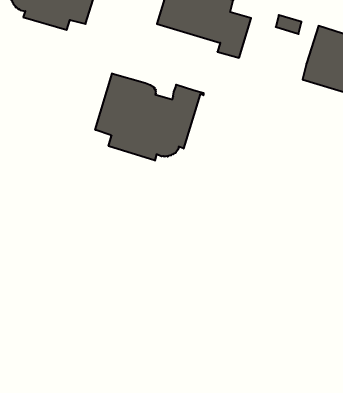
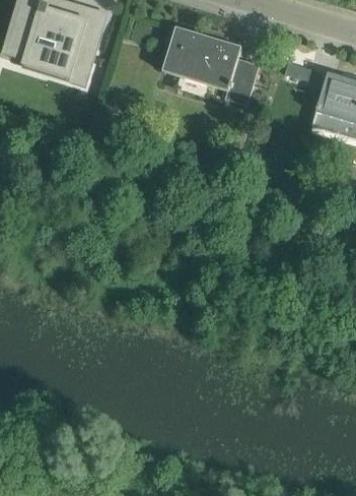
building: [95,73,204,161] -> none

